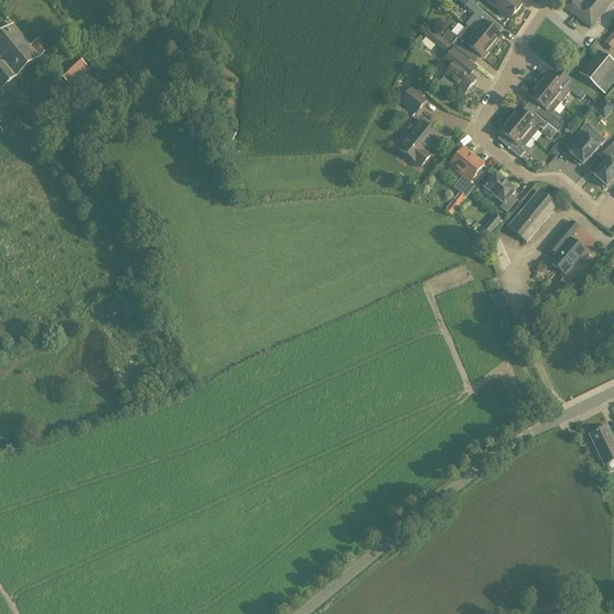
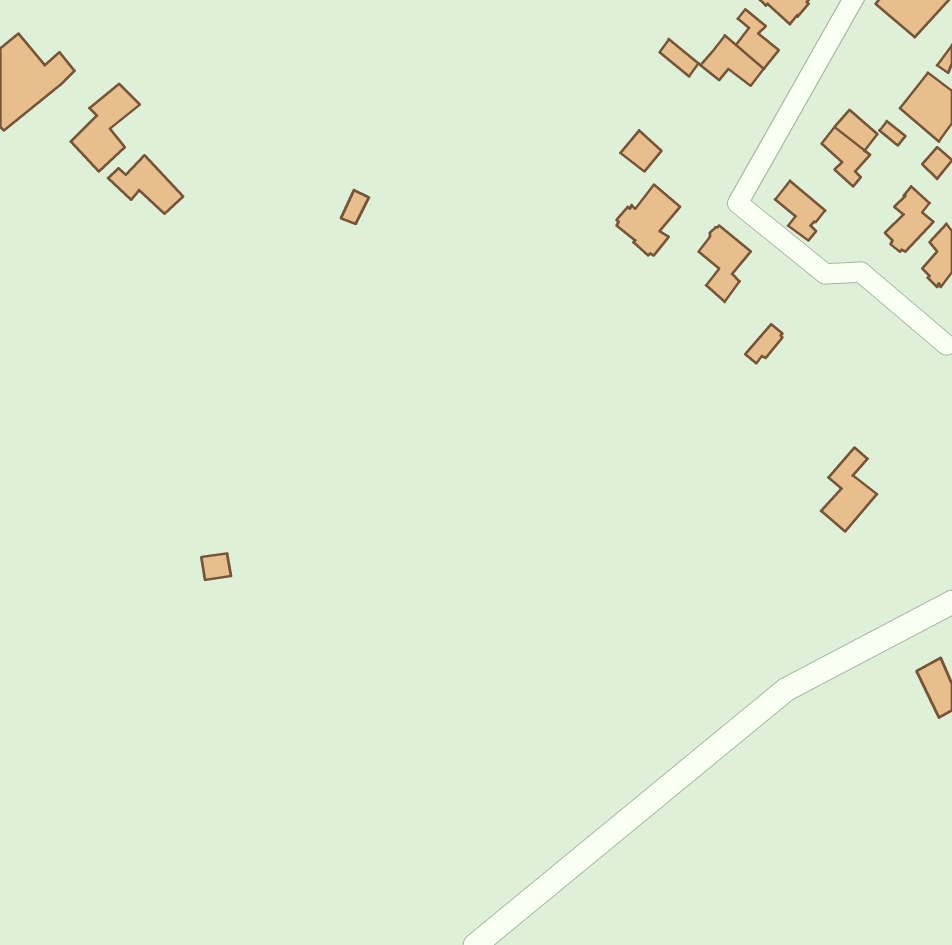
building: [438,46,475,90] -> none
building: none -> [108,155,183,214]
building: [508,106,548,136] -> none
building: [483,171,517,210] -> none
building: [508,188,556,240] -> none
building: [549,218,585,272] -> [821,448,877,531]

